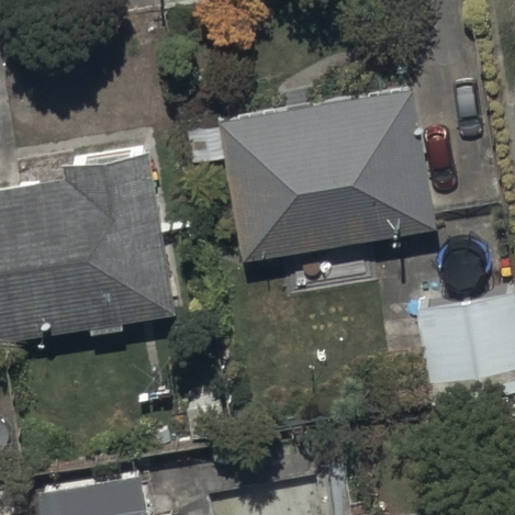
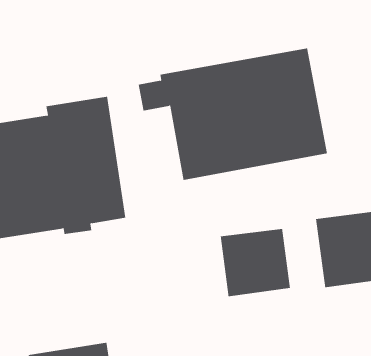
building: none -> [220,228,291,297]

